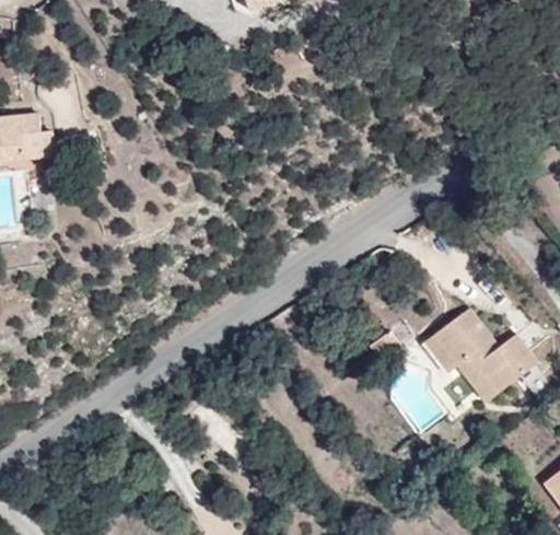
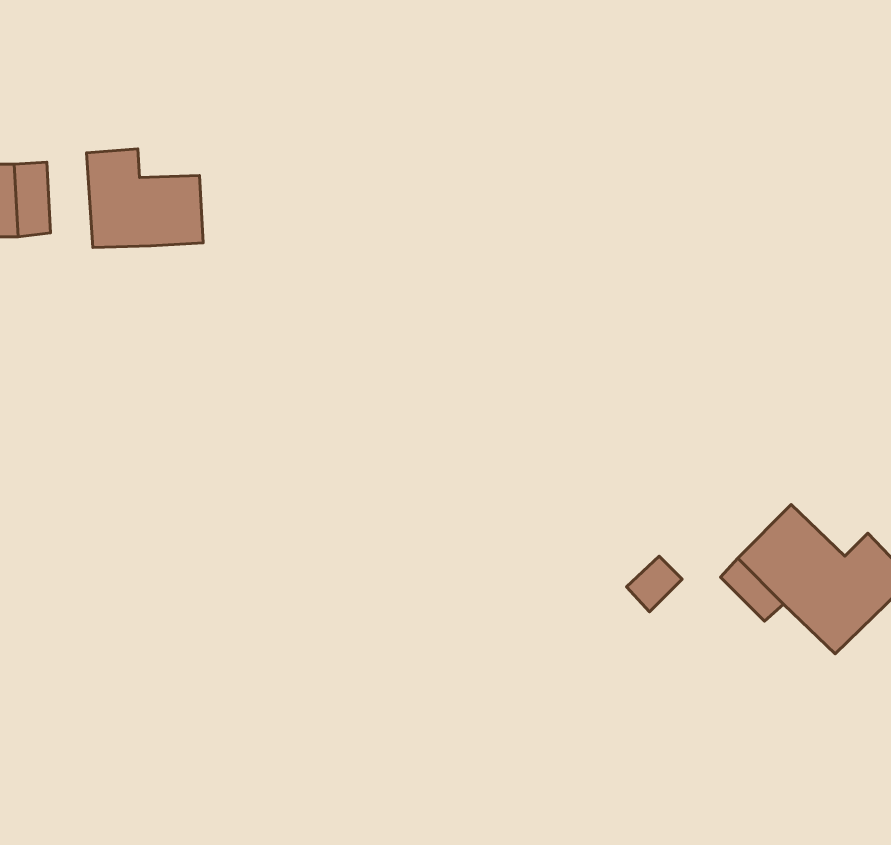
building: none -> [87,149,203,248]

